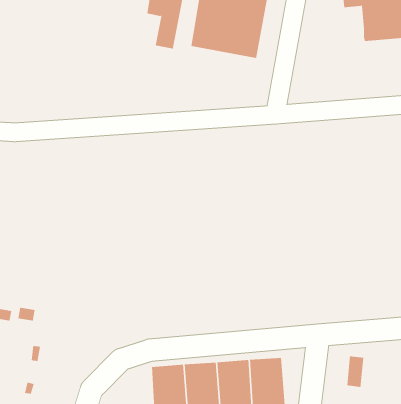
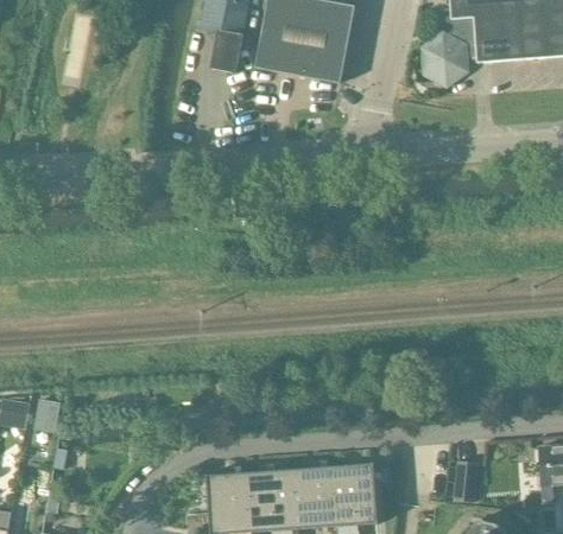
building: none -> [422,31,476,87]

